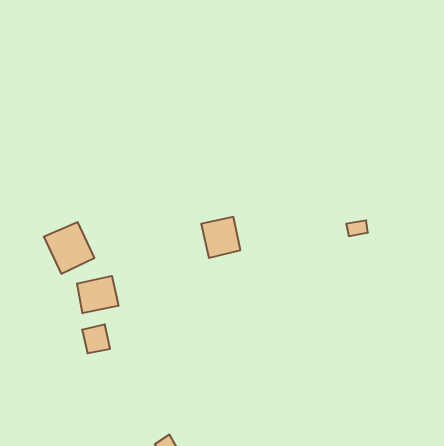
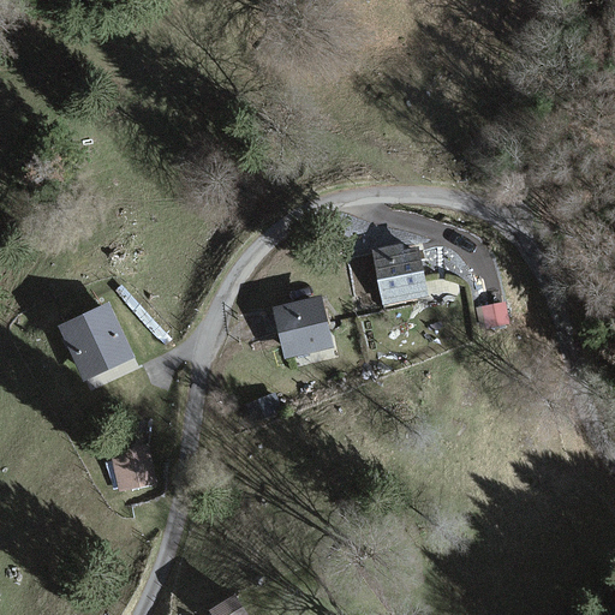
building: none -> [374,245,425,303]
building: [77,276,118,313] -> none

